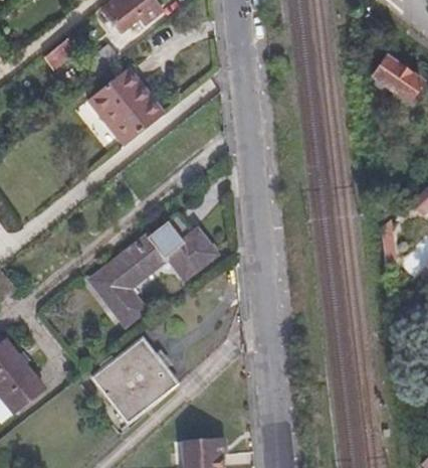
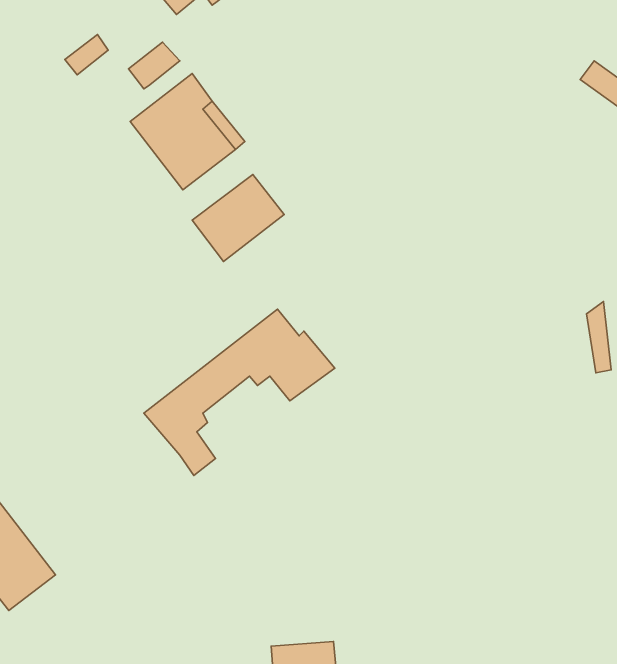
building: none -> [192,174,284,262]
building: [88,332,174,418] -> none

